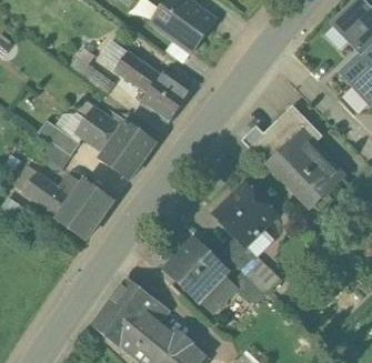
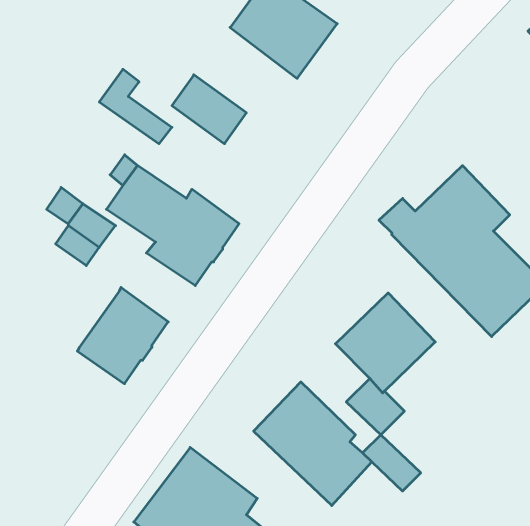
building: [140,71,191,123] -> none
building: [23,171,82,216] -> none

